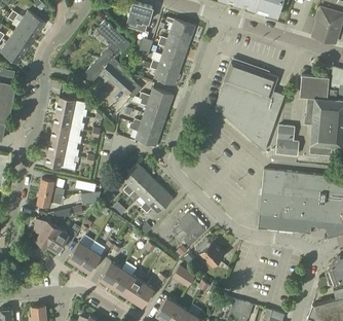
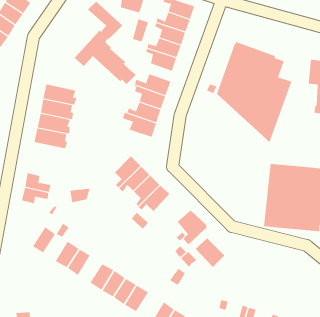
building: [275,126,298,154] -> none
building: [45,150,77,171] -> none
building: [34,219,58,247] -> none

